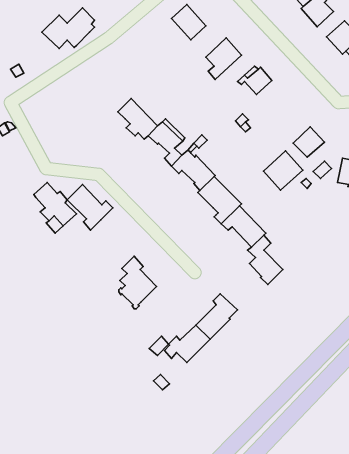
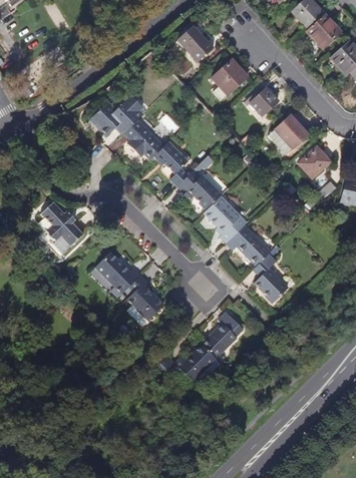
building: [42,8,95,48] -> [91,95,143,135]
building: [263,151,303,190] -> [269,115,308,154]
building: [67,185,113,230] -> [96,253,141,298]

